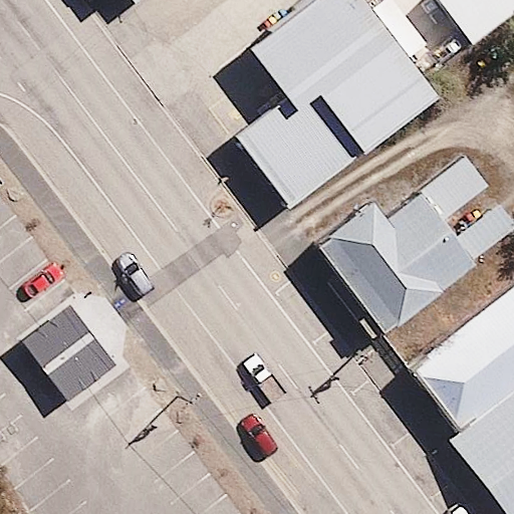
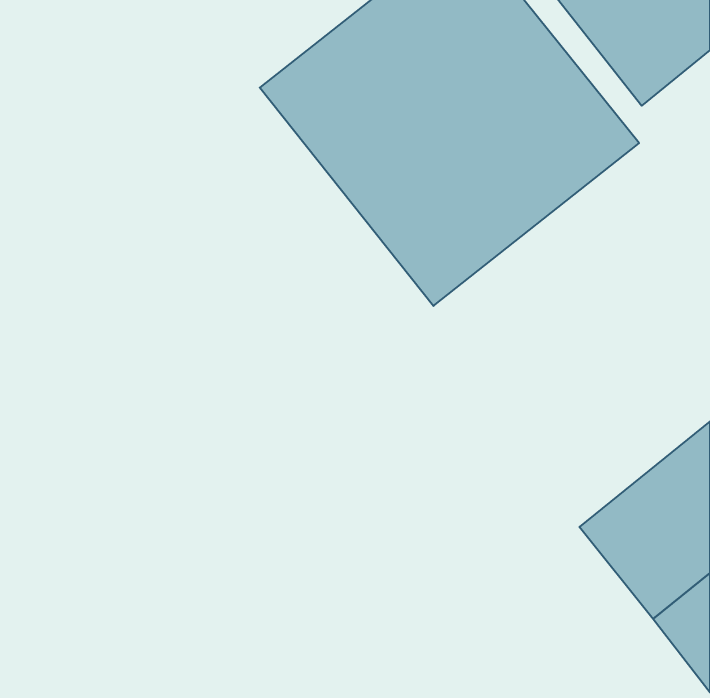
building: [335,167,507,334] -> none
building: [17,290,123,399] -> none

